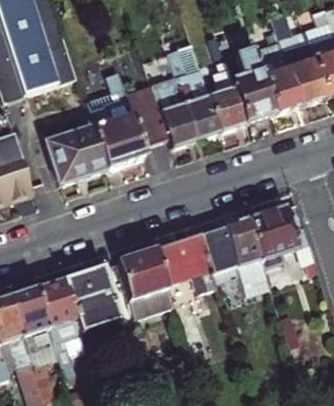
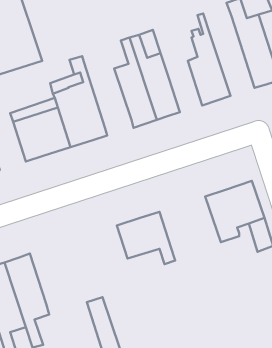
building: [254,29,300,112] -> none
building: [210,35,245,130] -> none
building: [121,67,171,147] -> none
building: [201,218,271,295] -> none
building: [117,249,174,317] -> none
building: [64,266,120,332] -> none

